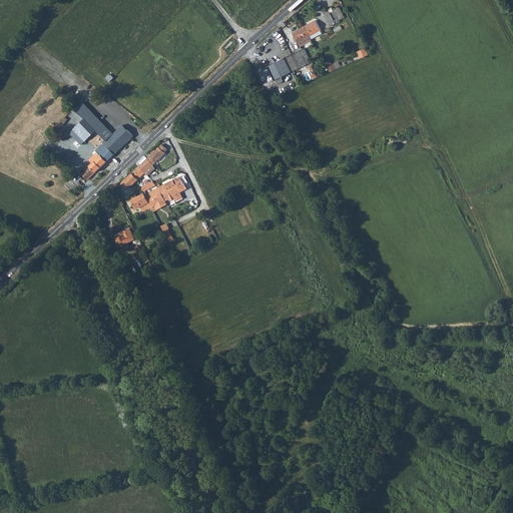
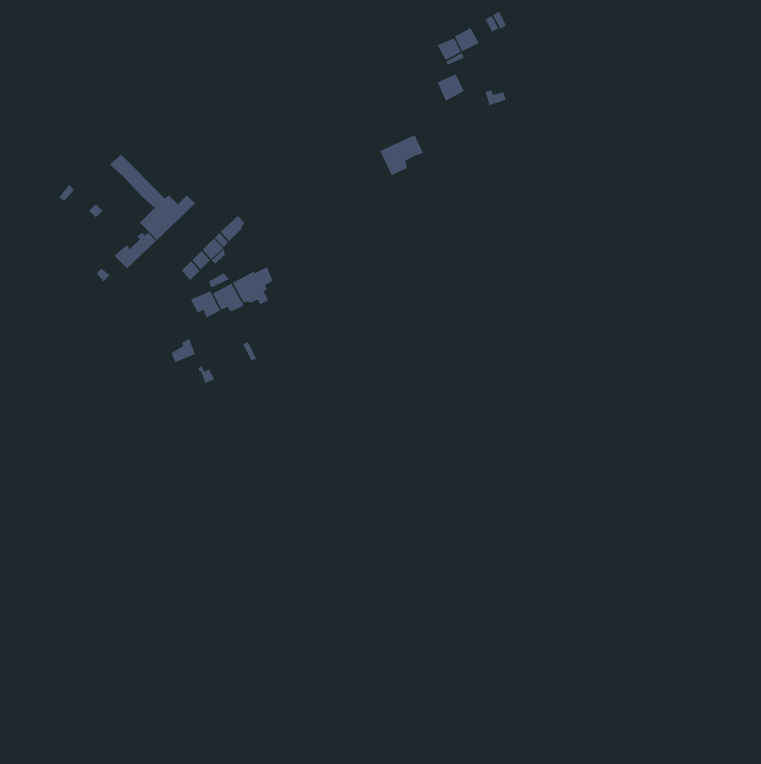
building: [269,55,299,83] -> [379,134,424,176]
building: [67,118,94,145] -> none

